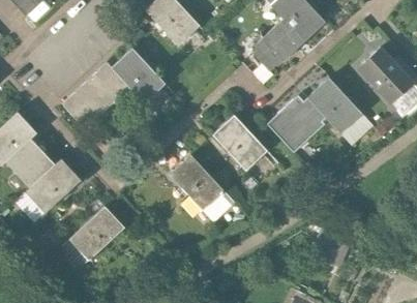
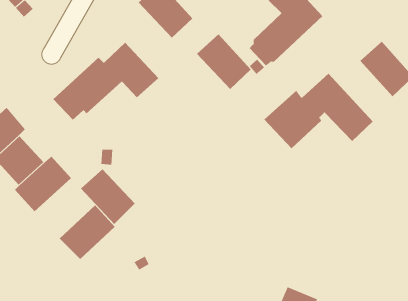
building: [213,115,267,170] -> [196,33,252,90]
building: [170,155,224,210] -> [80,168,136,225]

